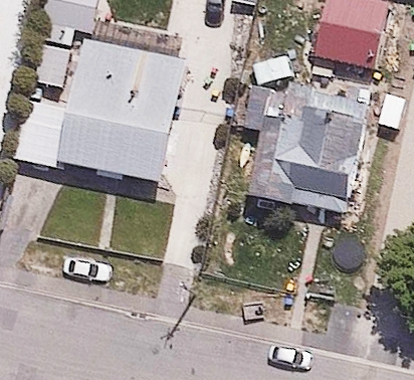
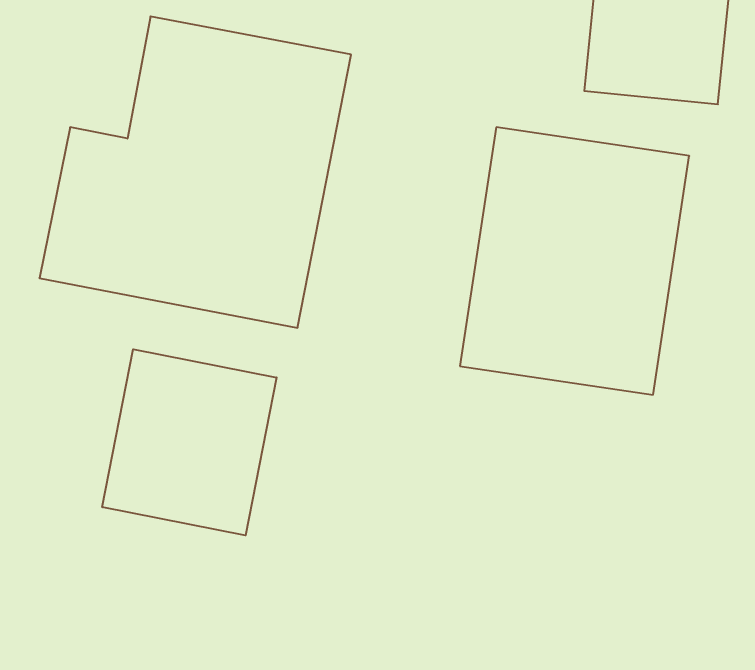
building: none -> [102,349,277,535]

